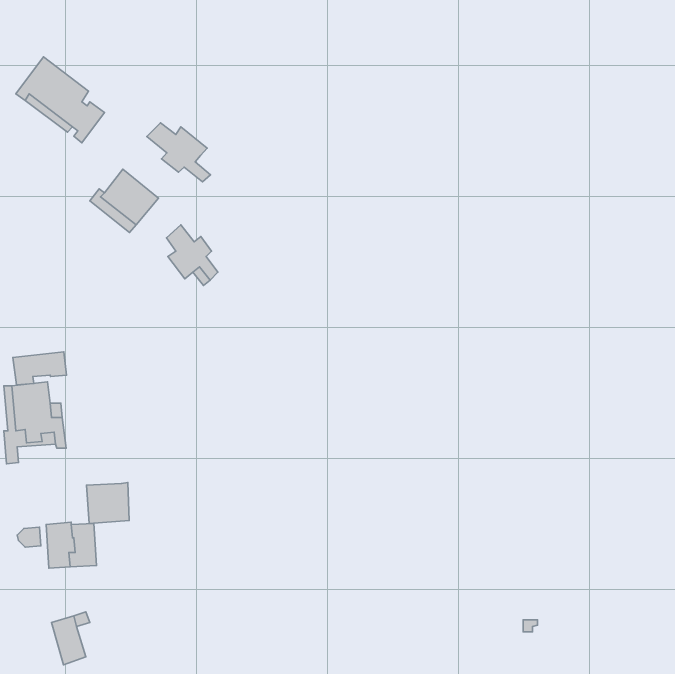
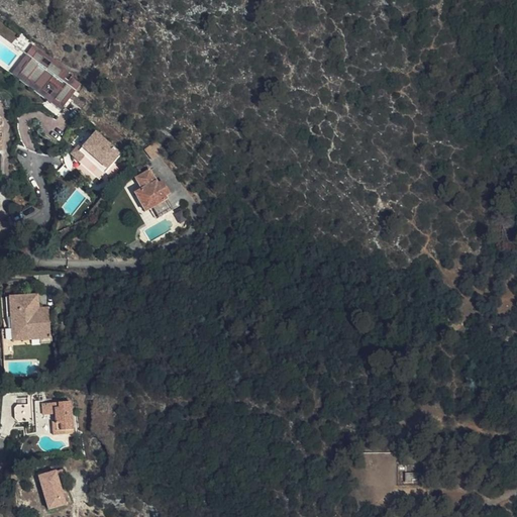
building: [147,123,211,182] -> none
building: [13,352,66,385] -> none
building: [87,483,129,524] -> none

